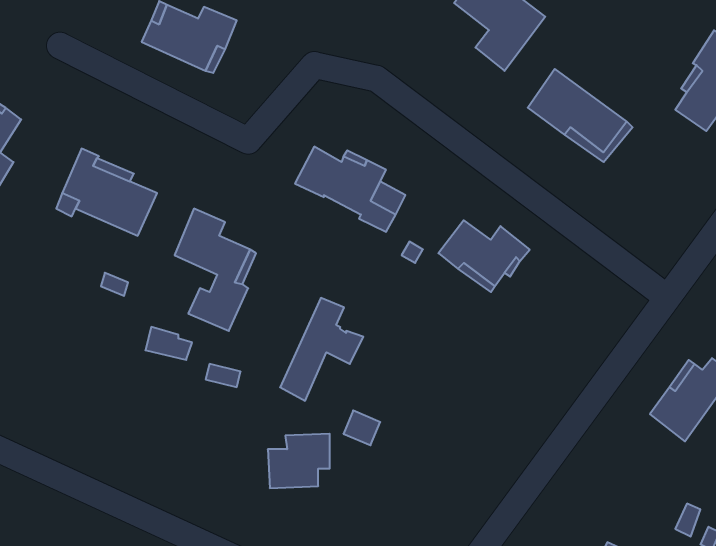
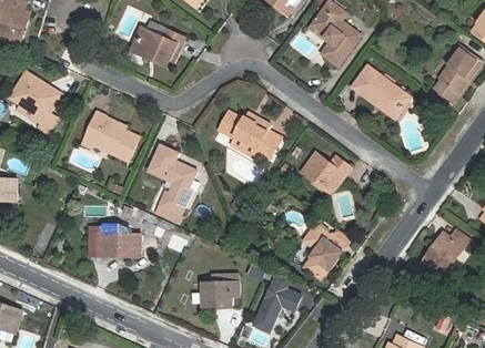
building: [280,298,363,401] -> [253,273,301,331]
building: none -> [302,223,347,280]
building: none -> [89,227,140,256]

